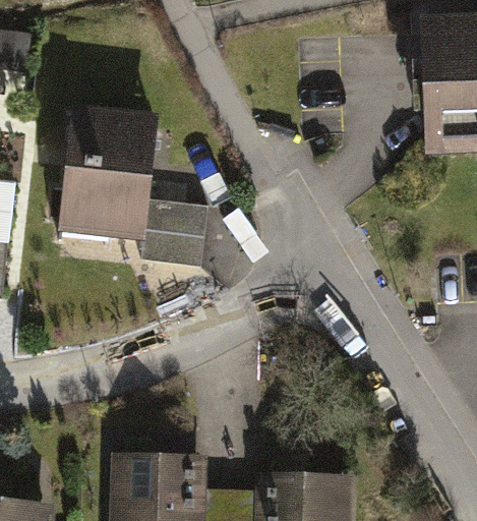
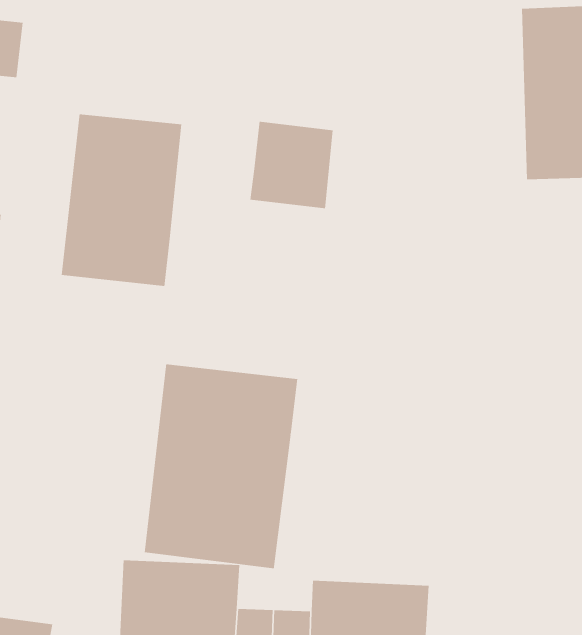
building: [140,200,206,270] -> [250,121,333,209]
building: none -> [144,363,298,569]

